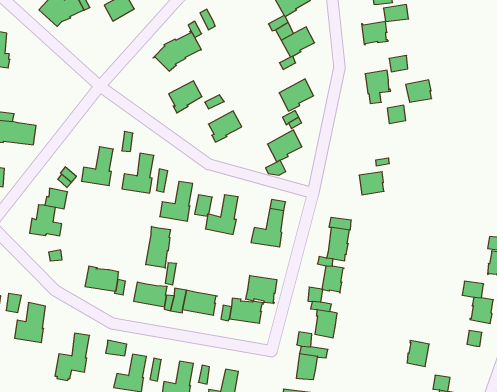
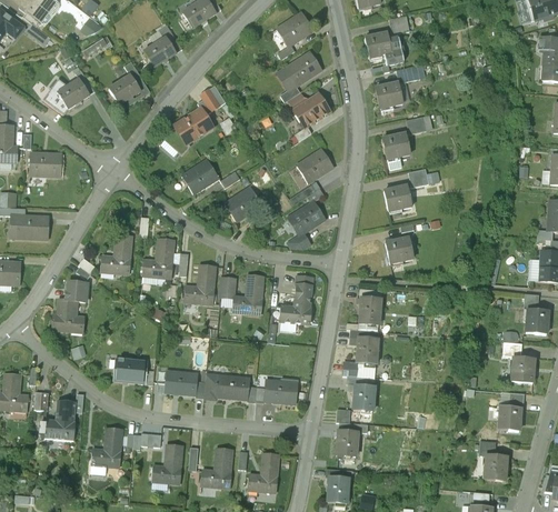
building: none -> [29,155,60,175]
building: [406,80,432,102] -> [382,183,410,208]
building: [146,226,171,268] -> none
building: [246,275,277,304] -> none
building: [407,340,429,367] -> [498,405,519,431]

